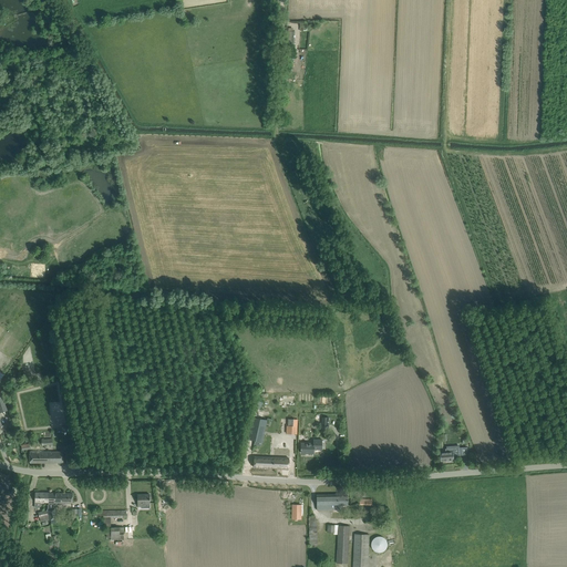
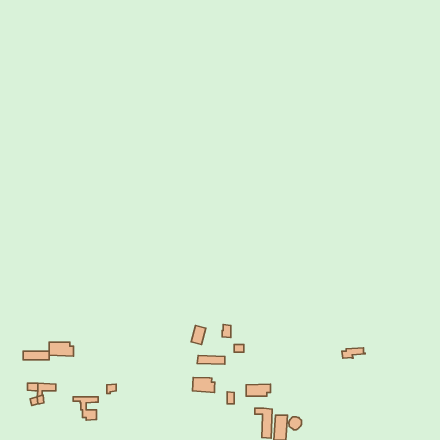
building: none -> [49,342,73,356]
building: none -> [193,377,215,393]

